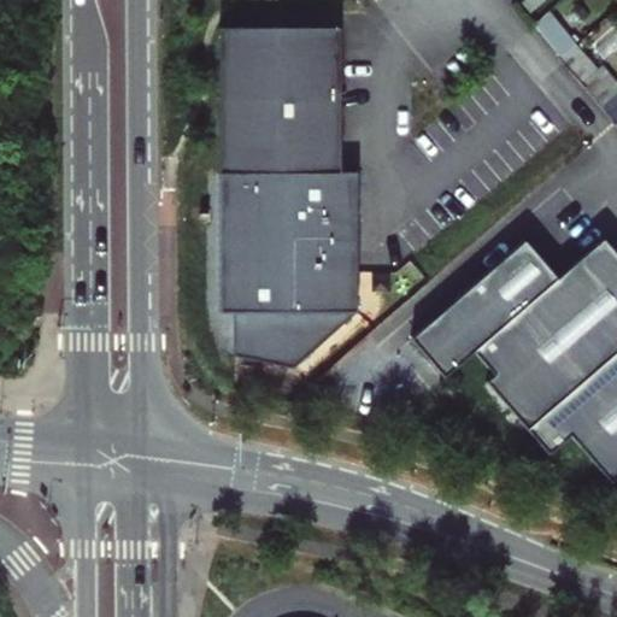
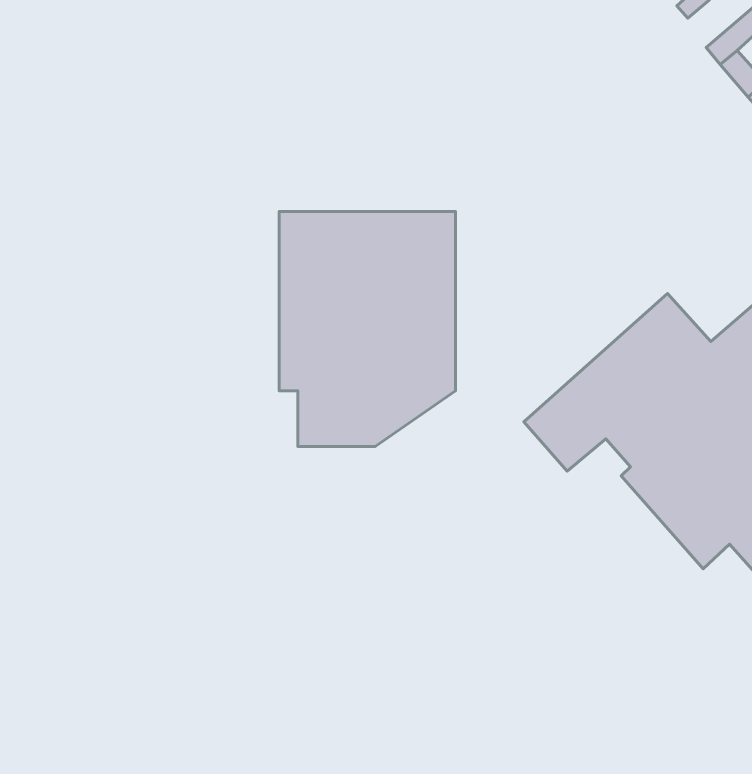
building: [221,29,341,175] -> none

